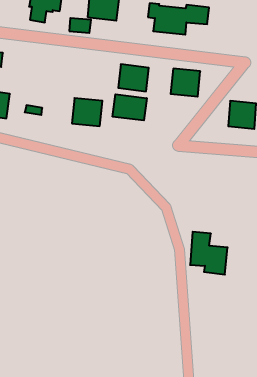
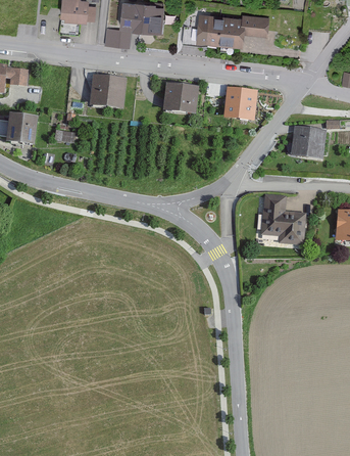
building: [113,94,147,120] -> none
building: [72,98,102,126] -> [90,76,126,108]
building: [190,232,228,275] -> [261,195,305,245]

